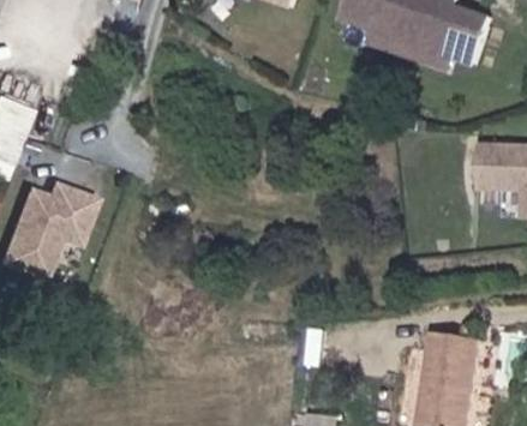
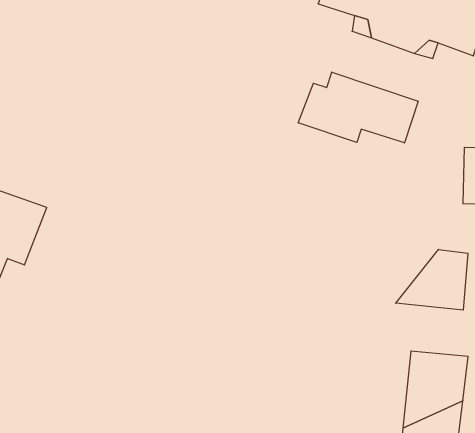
building: none -> [298,72,418,143]
building: none -> [396,249,468,310]

